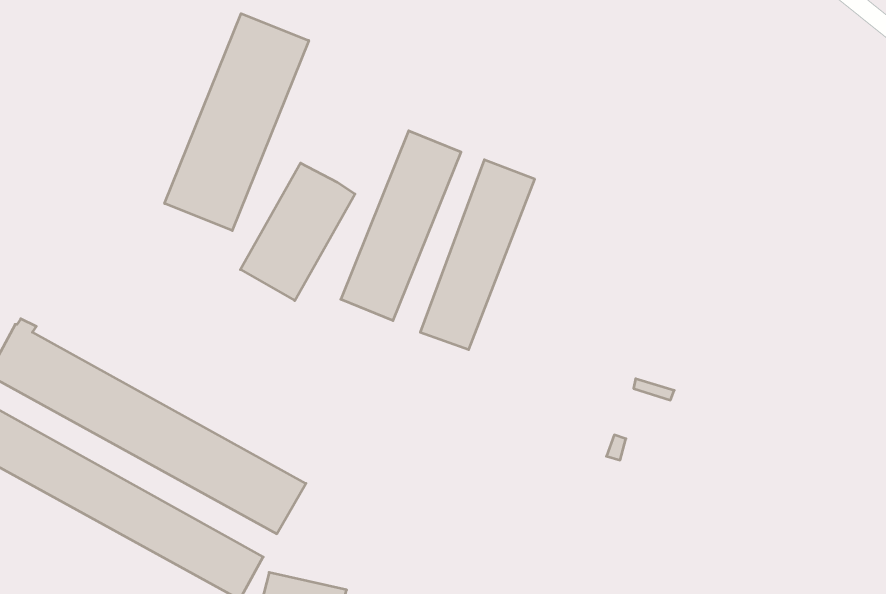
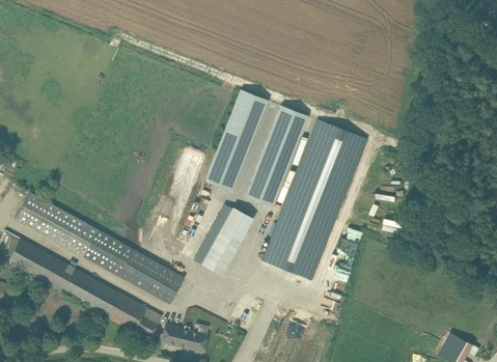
building: [165,14,309,231] -> none
building: [240,163,355,301] -> [193,202,254,276]
building: none -> [263,119,366,279]

